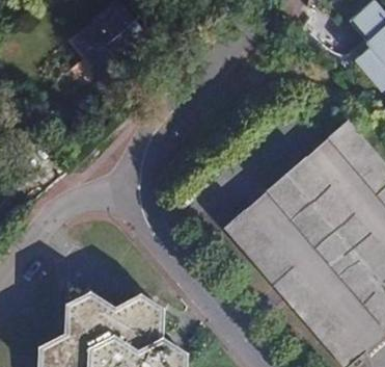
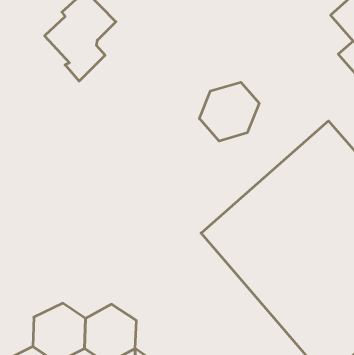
building: none -> [199,82,259,141]

